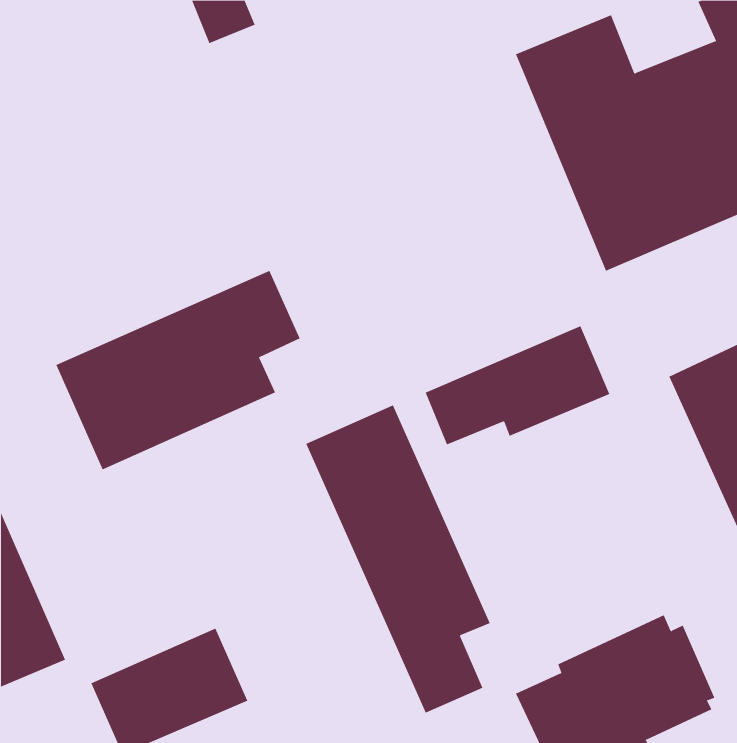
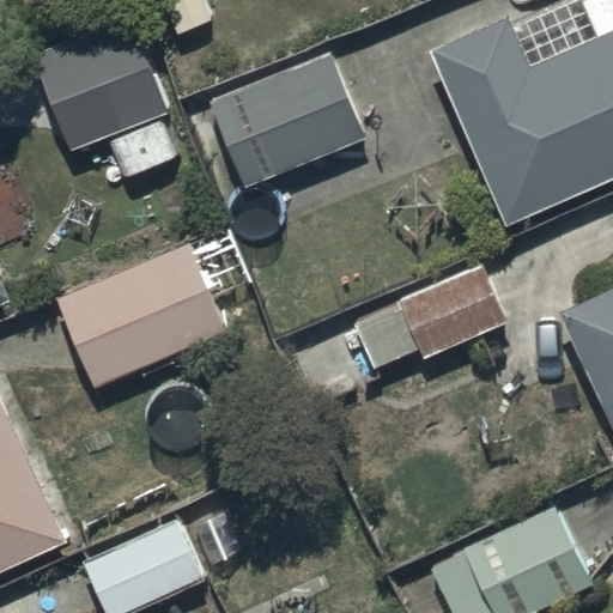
building: none -> [31,12,178,177]
building: none -> [208,55,369,188]
building: [305,405,490,713] -> none

